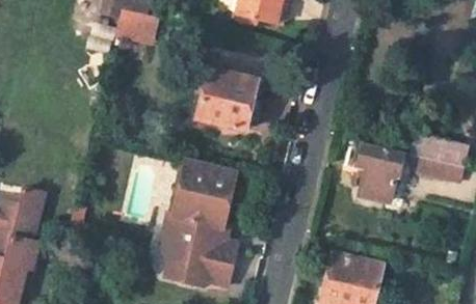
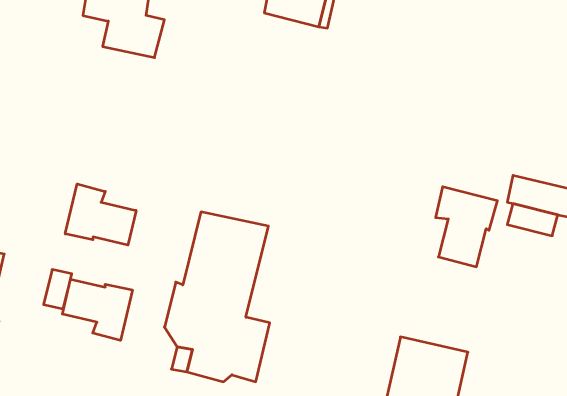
building: [195,66,263,129] -> none
building: none -> [65,184,136,245]
building: none -> [62,279,132,340]

